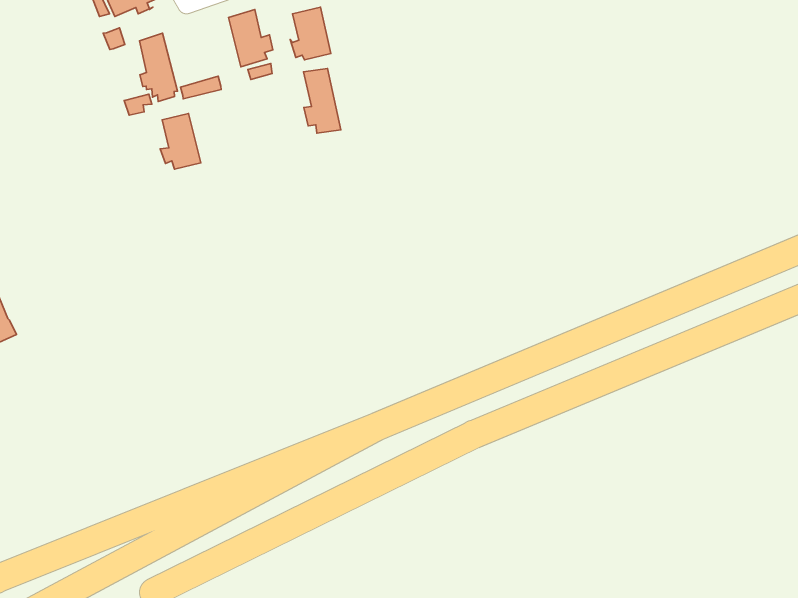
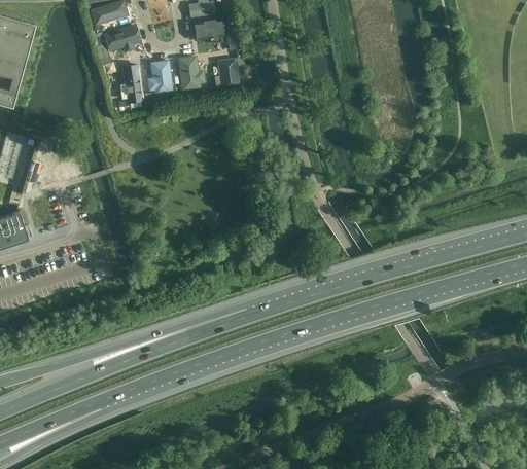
building: [303,68,341,133] -> none
building: [160,113,201,169] -> [147,61,171,94]

